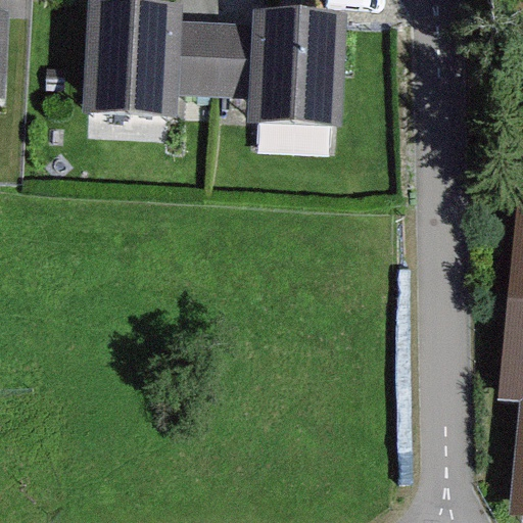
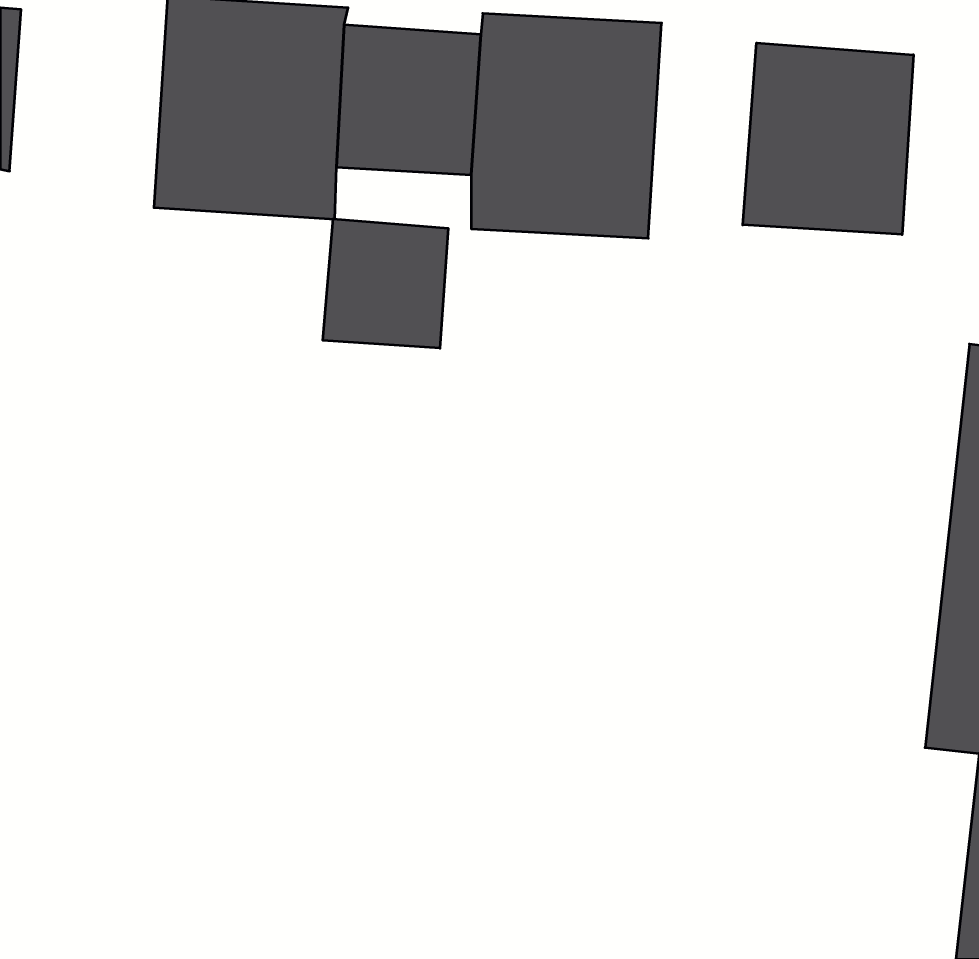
building: none -> [743,43,913,235]
building: none -> [323,219,448,348]

